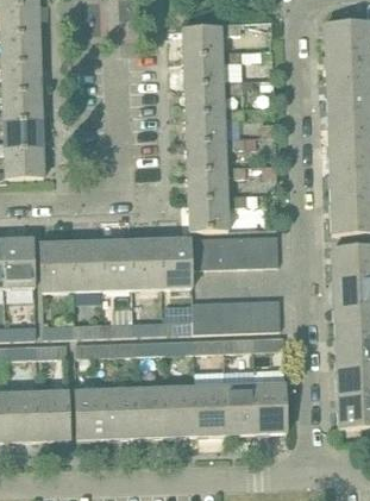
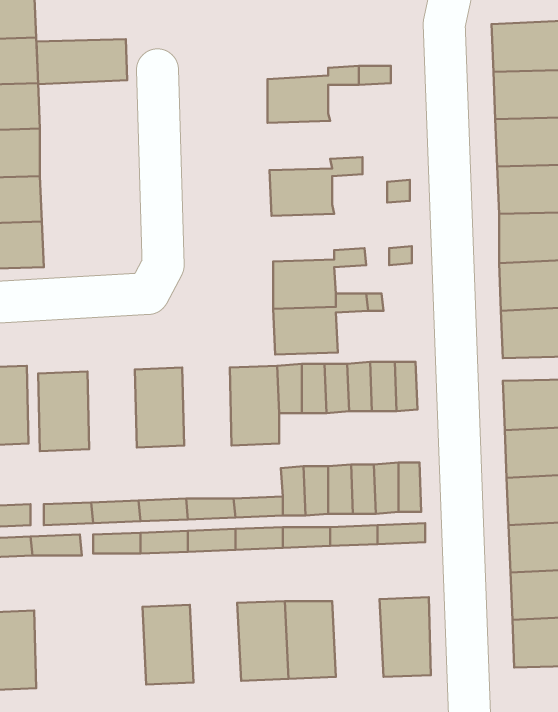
building: [183,21,269,58] -> none
building: none -> [37,39,127,84]
building: [184,79,243,115] -> none
building: [187,136,245,173] -> none
building: [131,239,162,288] -> none
building: [71,240,102,290] -> none
building: [225,384,257,433] -> none
building: [136,387,168,437] -> none
building: [76,389,108,439] -> none
building: [38,390,70,440] -> none

